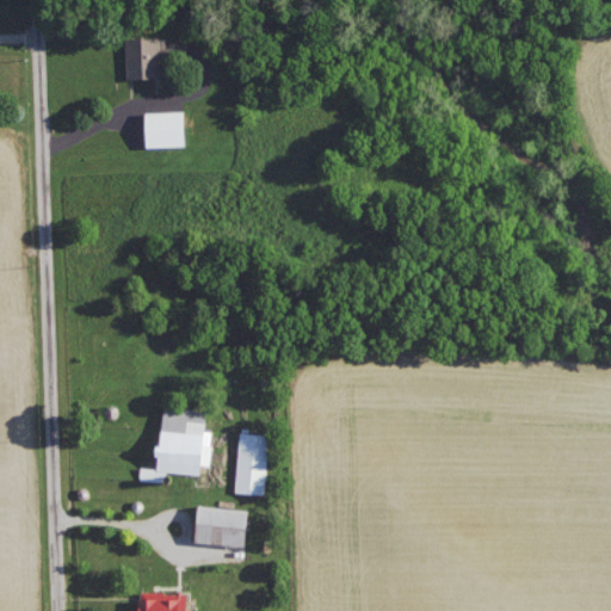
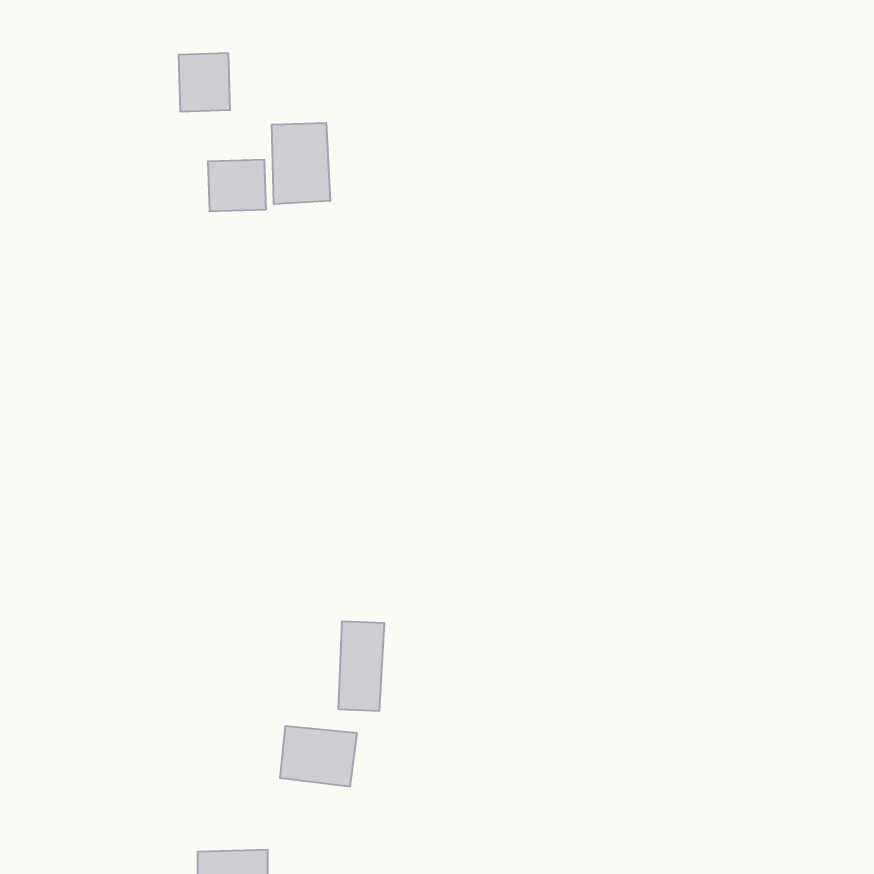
building: none -> [272,123,330,204]
building: [156,408,211,477] -> none

